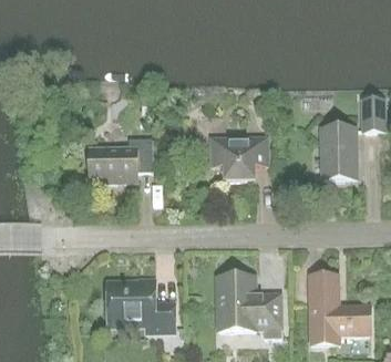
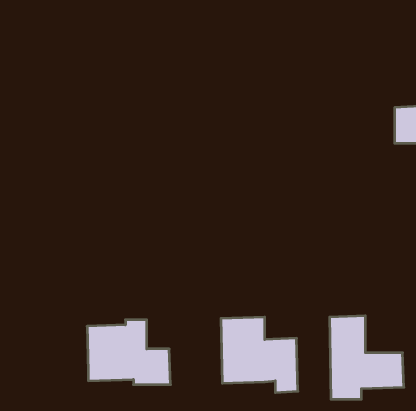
building: [322,127,356,177] -> none
building: [89,137,153,182] -> none
building: [212,137,267,179] -> none

